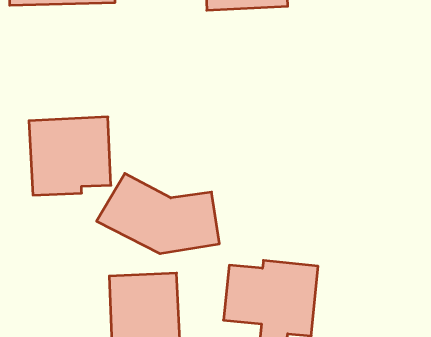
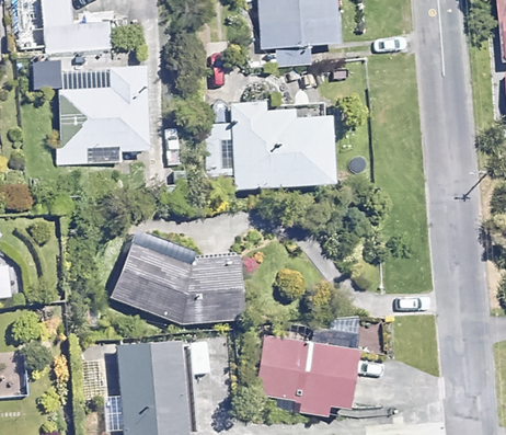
building: none -> [232,115,332,180]
building: [29,117,111,195] -> [57,76,149,163]

